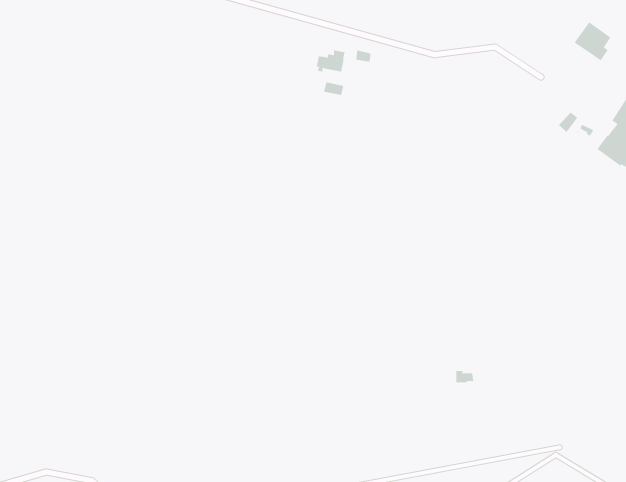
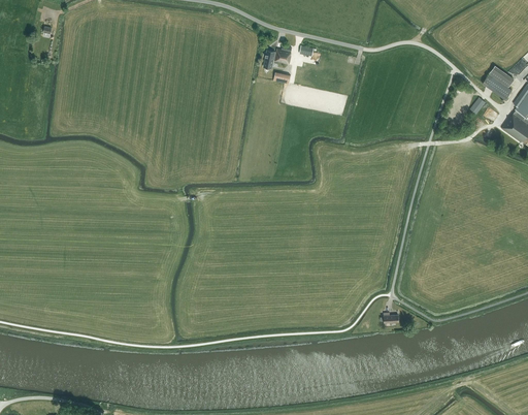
building: [574,22,611,61] -> [483,66,514,99]

